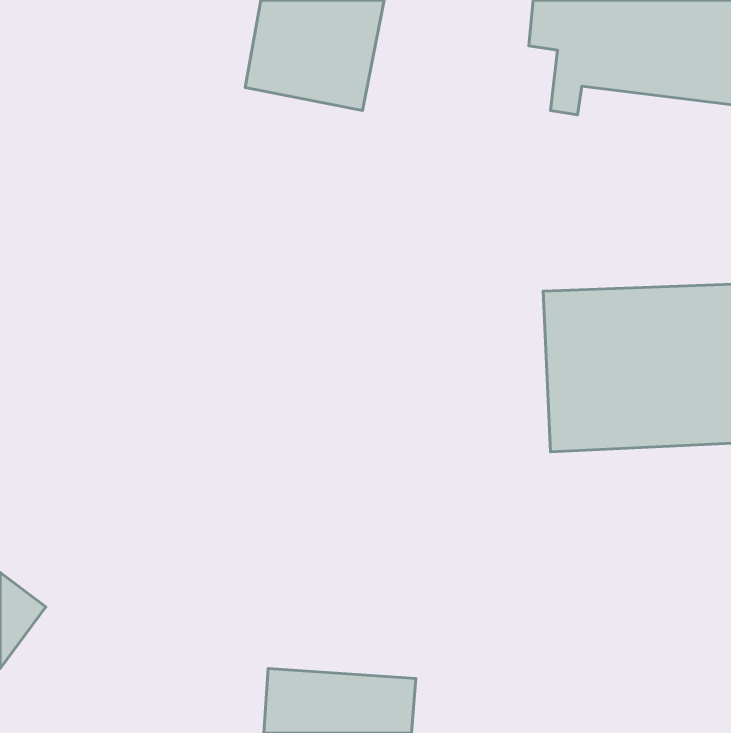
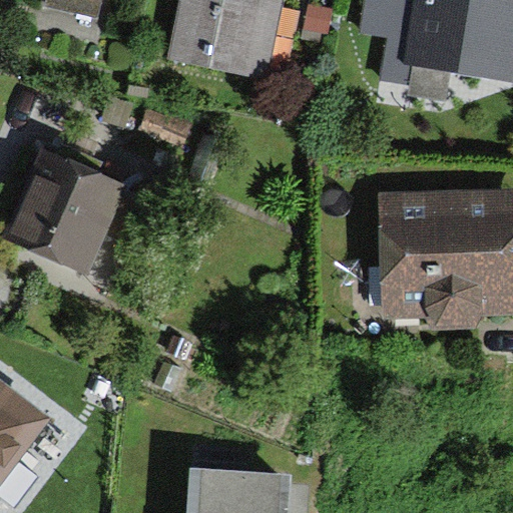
building: none -> [13,162,113,263]

